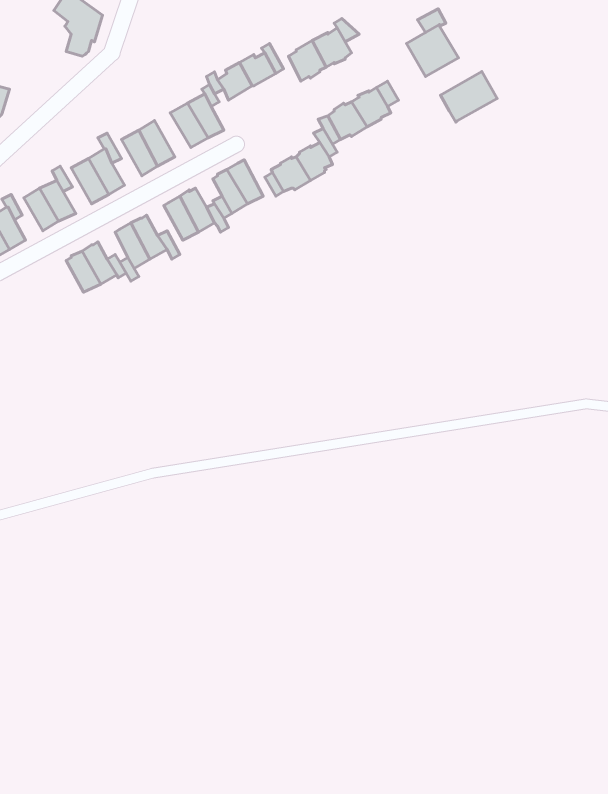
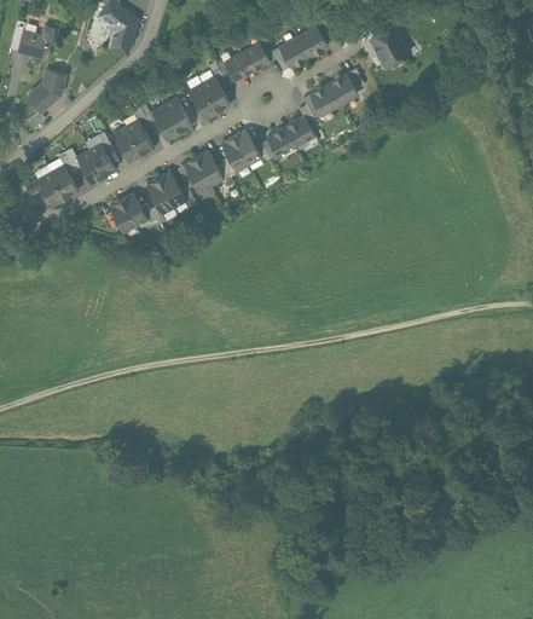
building: [440,72,497,122] -> none

